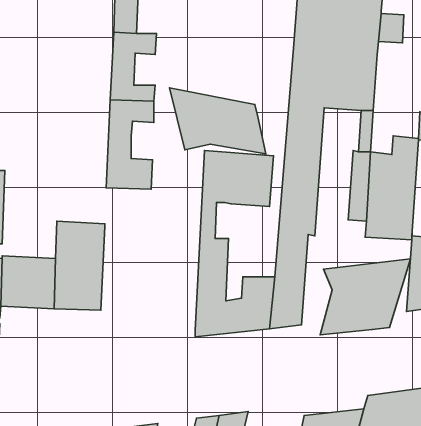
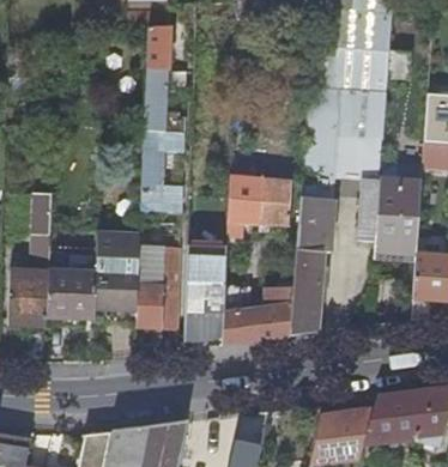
building: [170,88,266,154] -> none
building: none -> [137,244,180,329]
building: none -> [184,244,226,341]
building: [320,259,410,335] -> none

